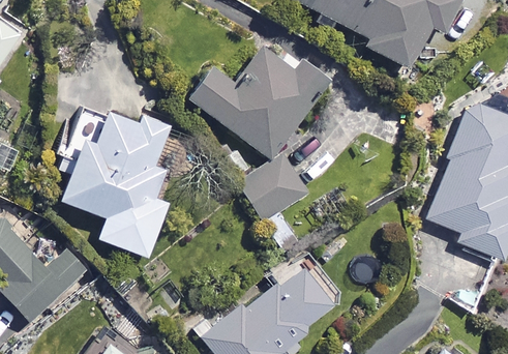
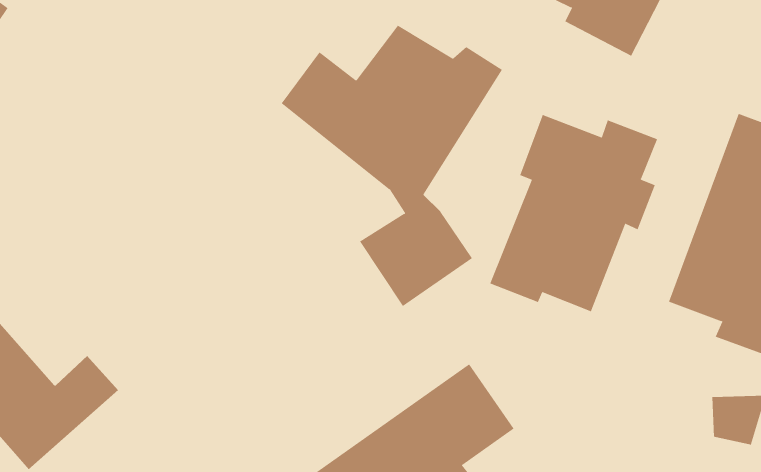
building: none -> [490,114,658,312]
building: [59,110,172,257] -> none

